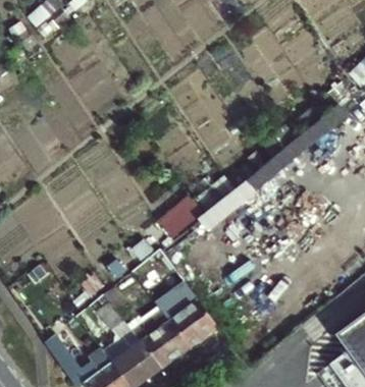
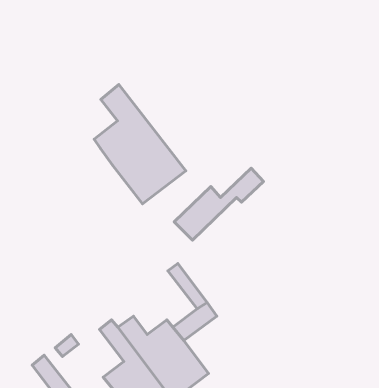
building: none -> [94,85,186,204]
building: [168,302,217,350] -> none

